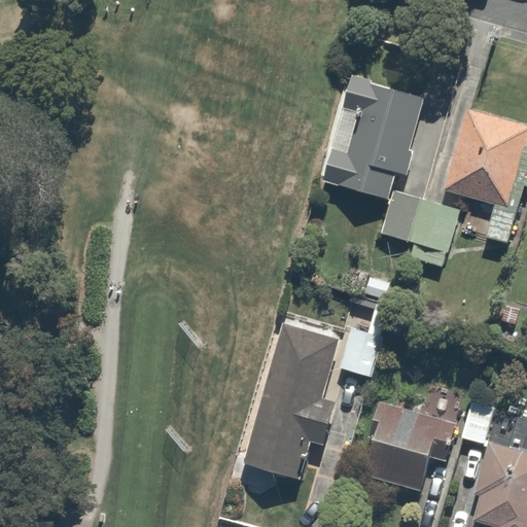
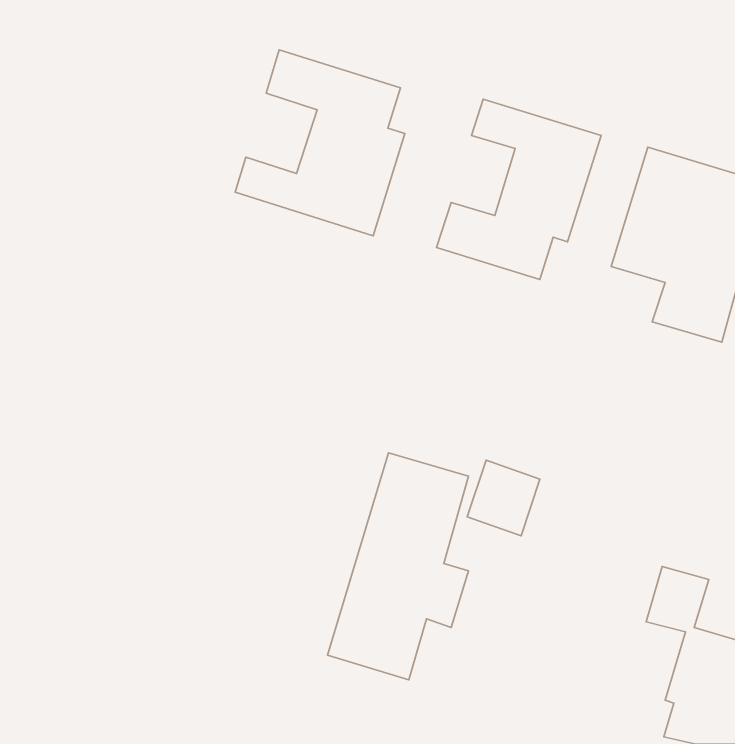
building: none -> [235,50,405,236]
building: [385,192,464,267] -> none
building: [354,403,455,495] -> none

